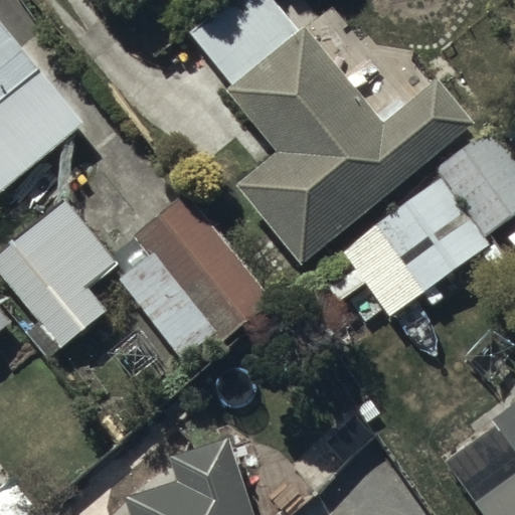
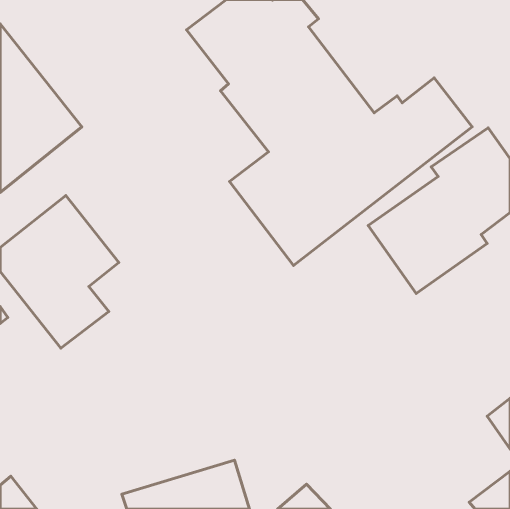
building: [119,190,272,361] -> none

